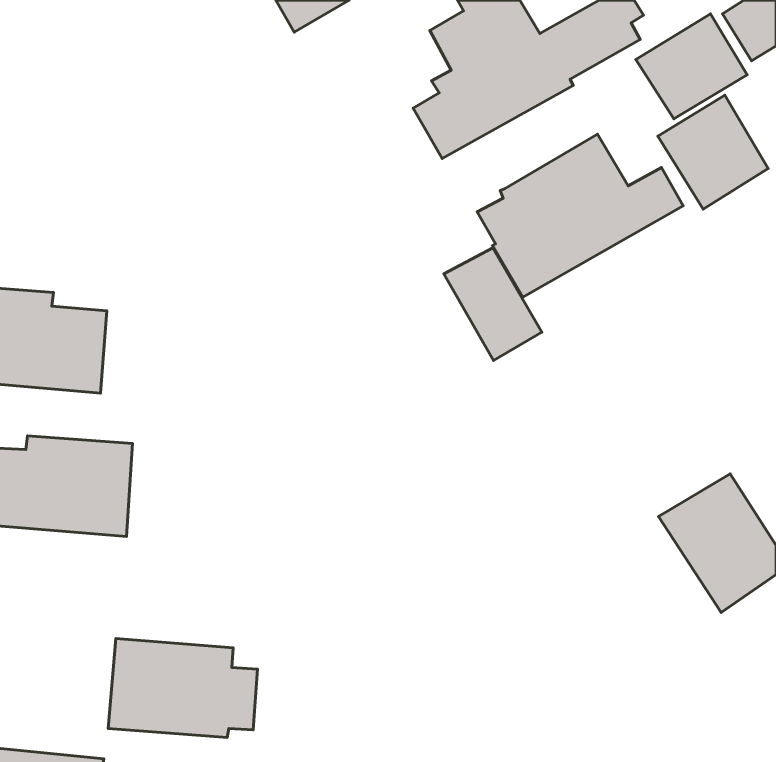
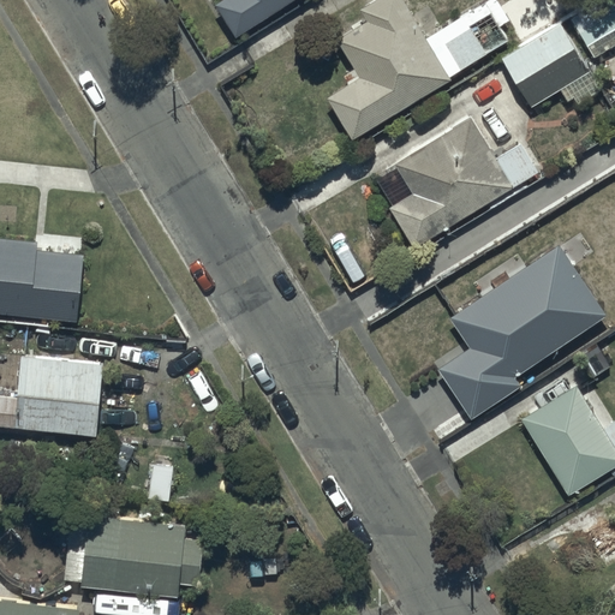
building: [658,95,768,209] -> none
building: [444,248,542,361] -> none
building: none -> [437,245,604,422]

